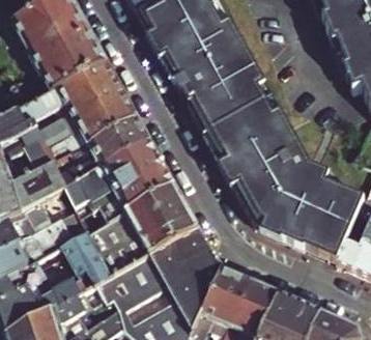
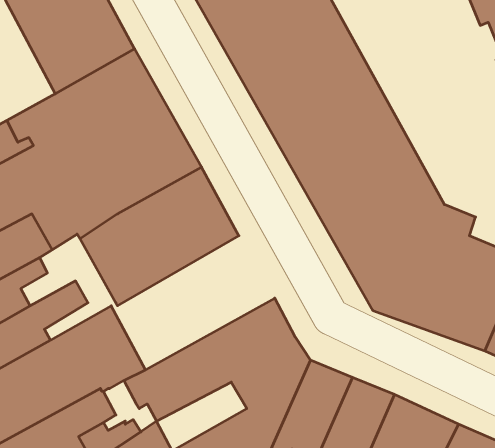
building: [88,183,197,273] -> none

